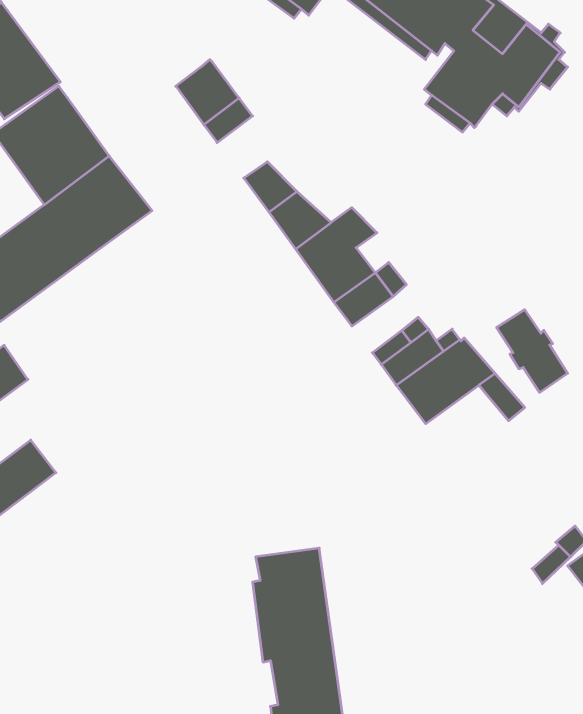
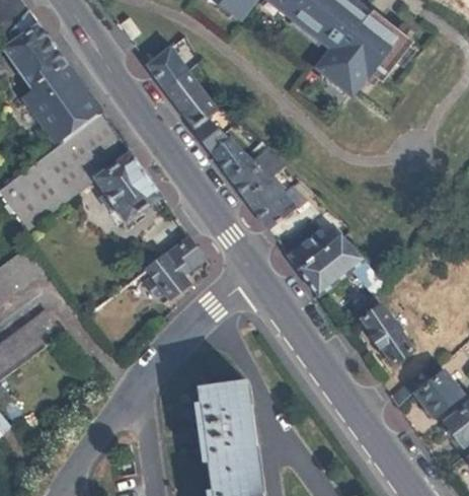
building: none -> [174,85,218,128]
building: none -> [93,150,161,220]
building: [497,310,568,392] -> [362,305,410,362]
building: none -> [148,233,204,293]

